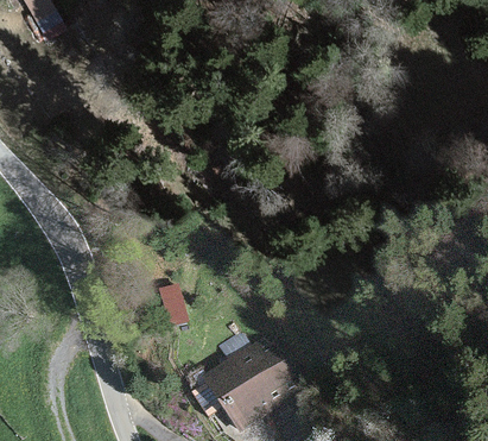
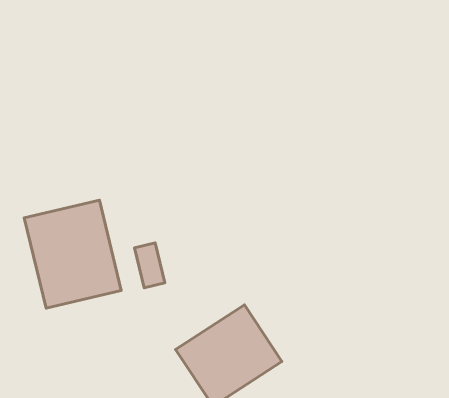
building: none -> [24,200,121,308]

